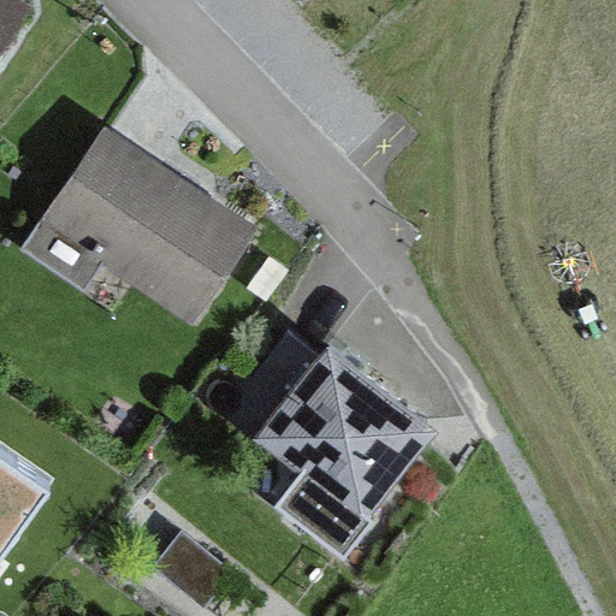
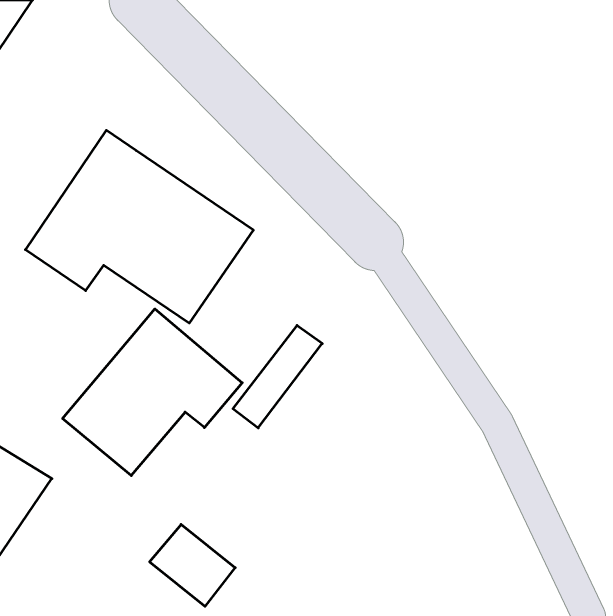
building: none -> [63,309,242,476]
building: [251,353,428,565] -> none

